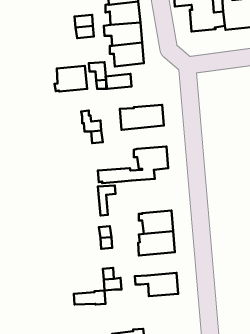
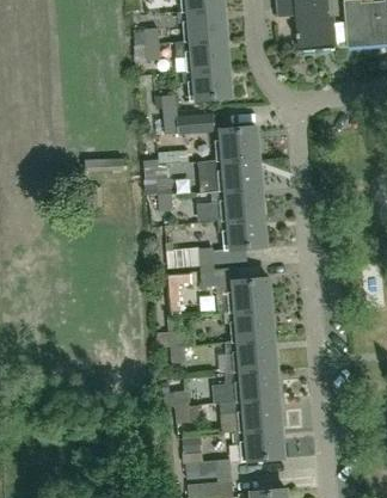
building: [55,66,87,92] -> none
building: none -> [216,124,259,159]
building: none -> [201,185,265,219]
building: none -> [201,266,272,311]
building: none -> [226,367,280,400]
building: [74,290,105,305] -> [186,457,232,478]
building: none -> [240,426,284,460]

